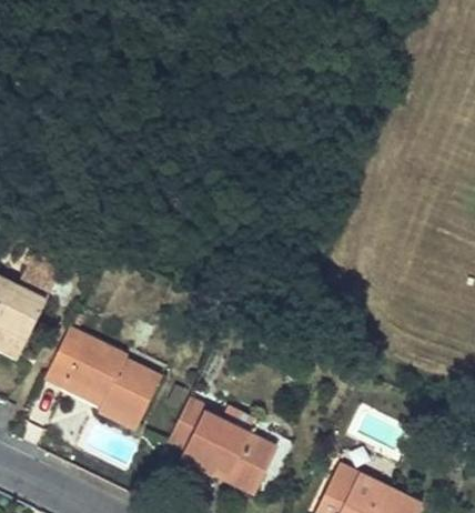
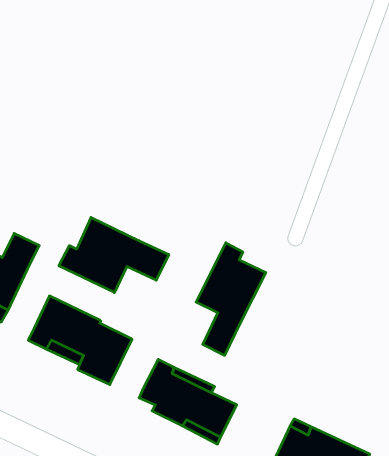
building: none -> [59,217,169,293]
building: none -> [196,243,266,355]

